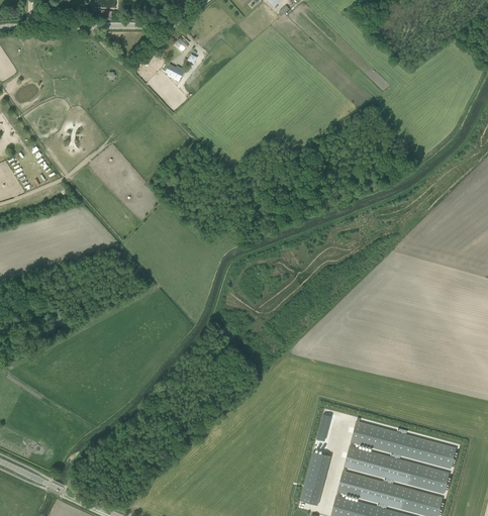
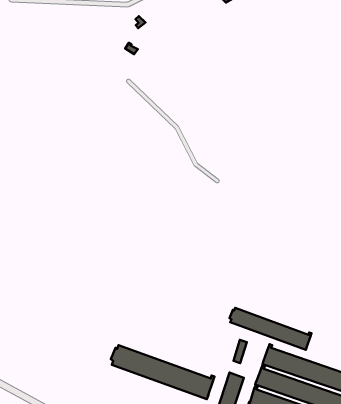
building: none -> [230,308,312,350]
building: none -> [111,345,215,399]

